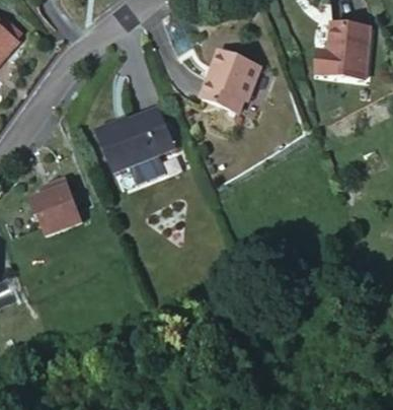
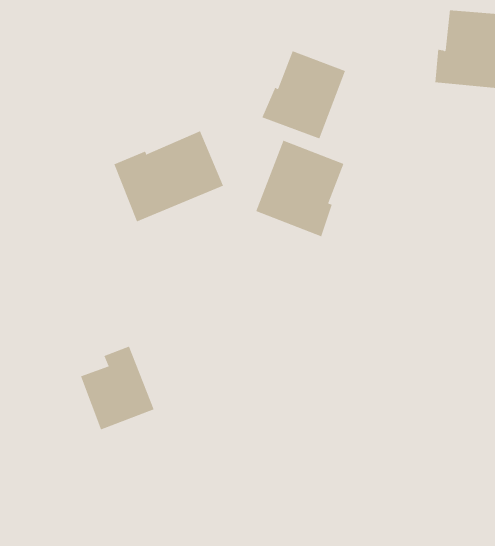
building: none -> [256,140,344,237]
building: [30,176,82,234] -> [80,346,154,430]

